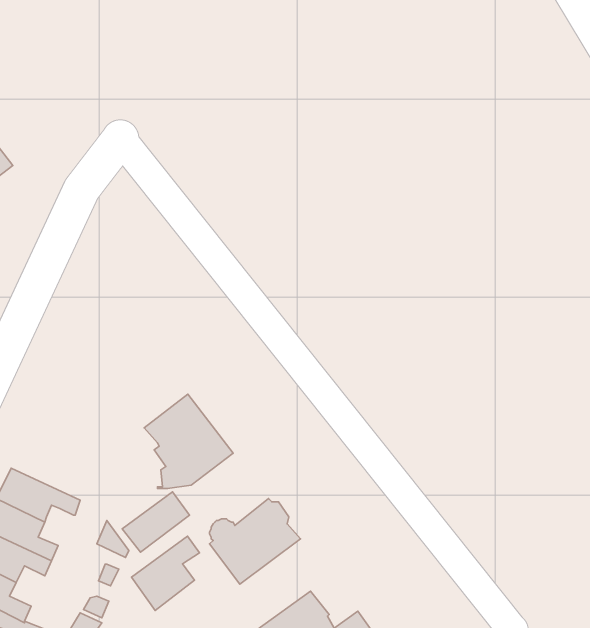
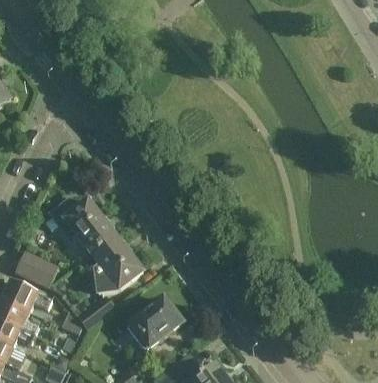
building: none -> [47,198,115,255]
building: none -> [14,250,58,286]
building: [131,536,199,610] -> none

